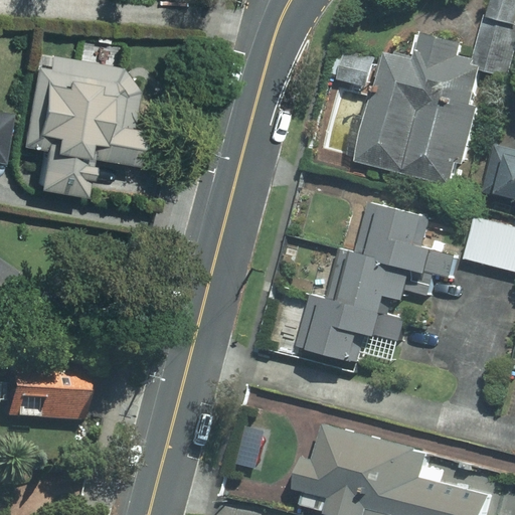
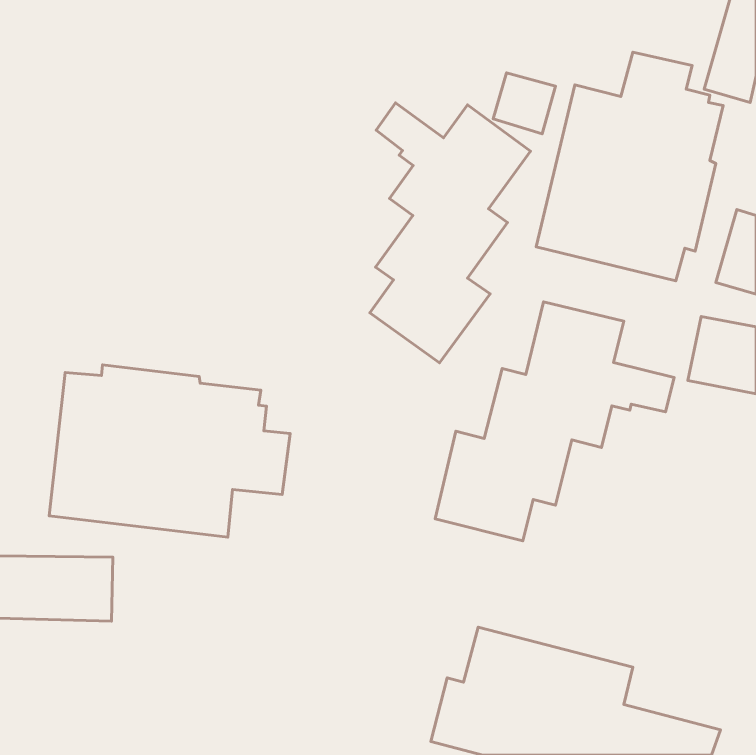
building: [18,54,133,194] -> none
building: none -> [370,103,530,363]
building: none -> [49,365,290,537]

